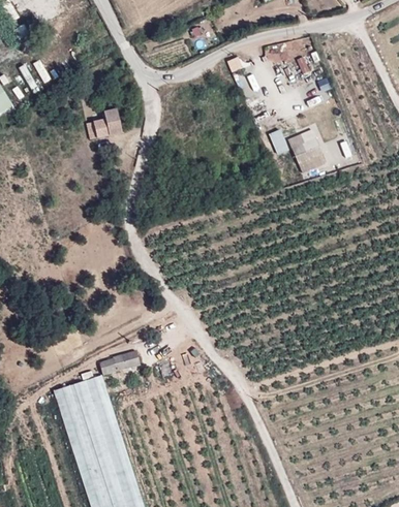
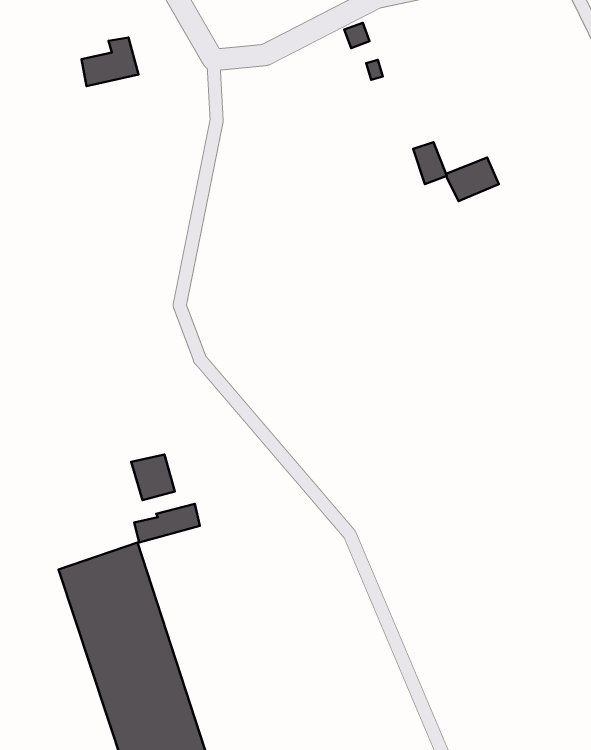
building: [87,109,122,139] -> [81,37,139,86]
building: none -> [131,454,175,500]

